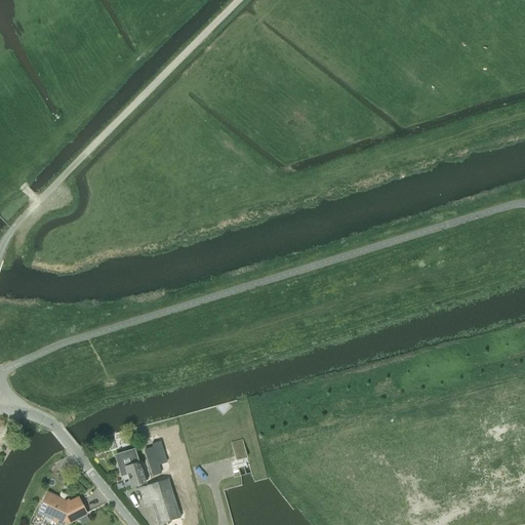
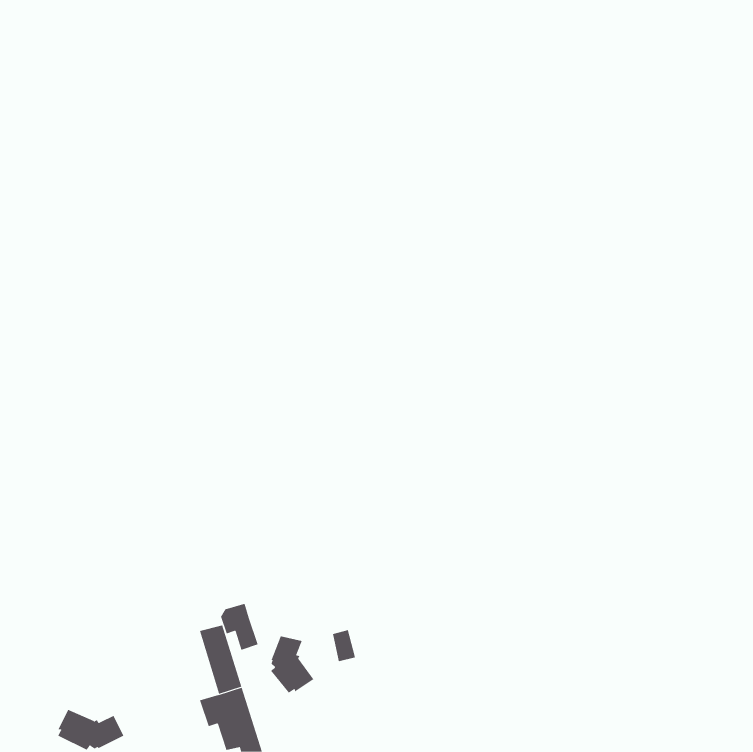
building: none -> [270,635,314,694]
building: [118,451,145,484] -> [220,603,259,650]

